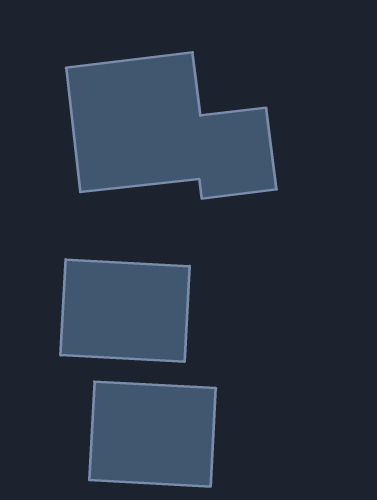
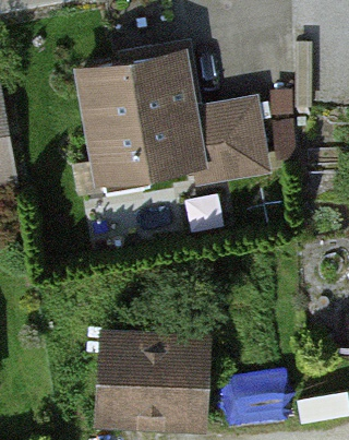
building: [61,259,190,362] -> none

